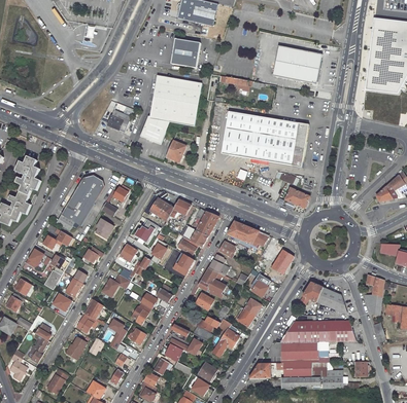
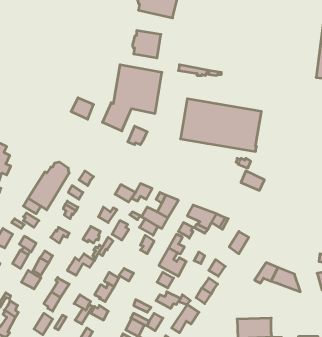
building: [271,43,321,81] -> none
building: [280,320,355,342] -> none

